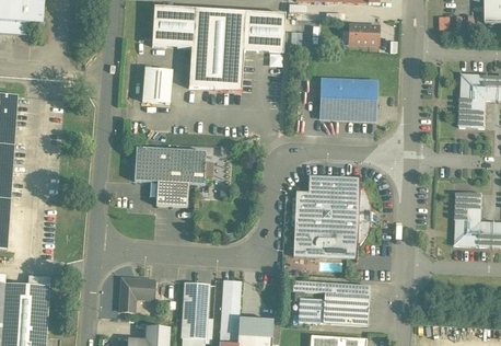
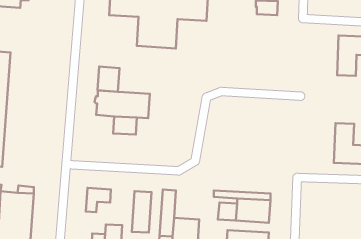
building: [142,67,172,101] -> [97,67,119,92]
building: [319,79,376,118] -> none
building: [293,174,376,257] -> none

